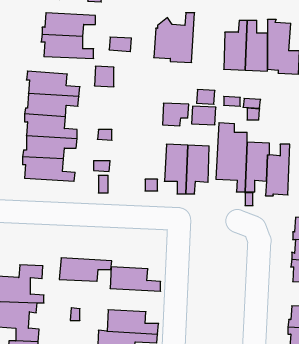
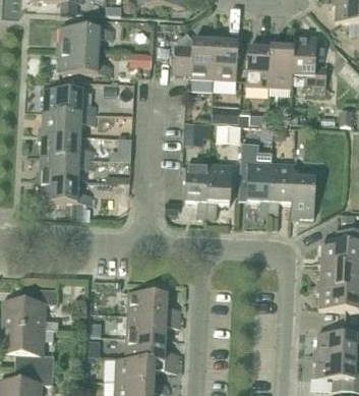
building: none -> [214,26,239,79]
building: [59,258,112,281] -> [126,315,181,339]

